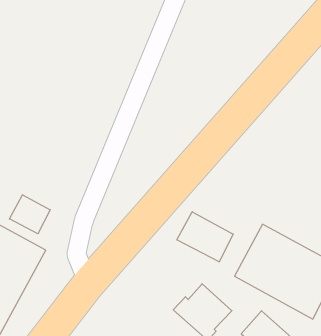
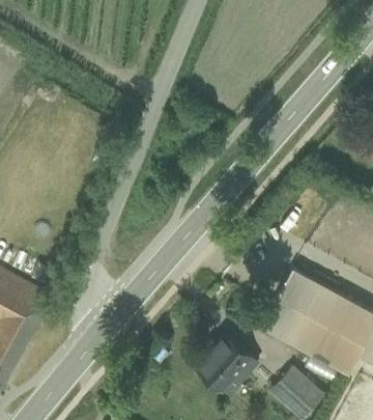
building: [9,195,50,234] -> none
building: [177,212,233,262] -> none

